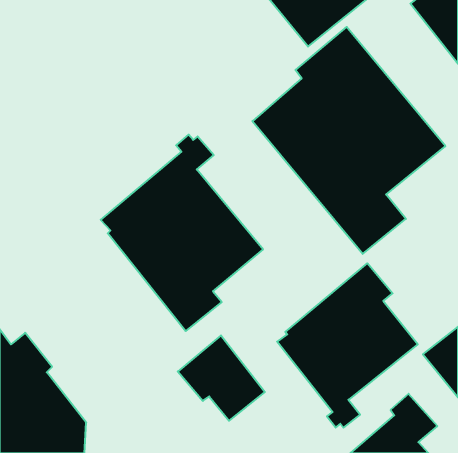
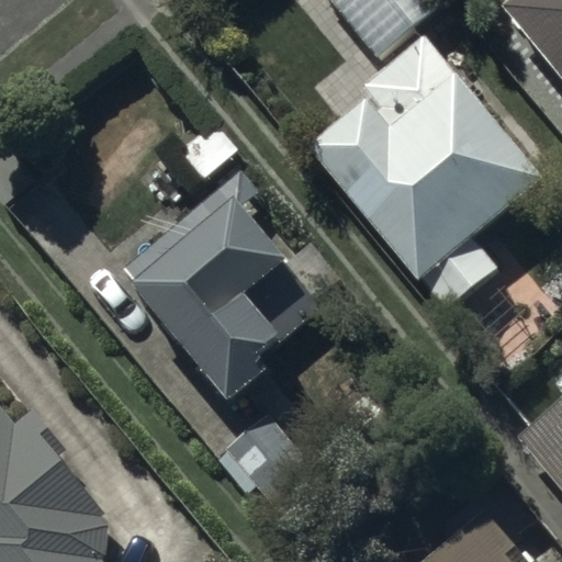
building: [277,263,418,428] -> none

